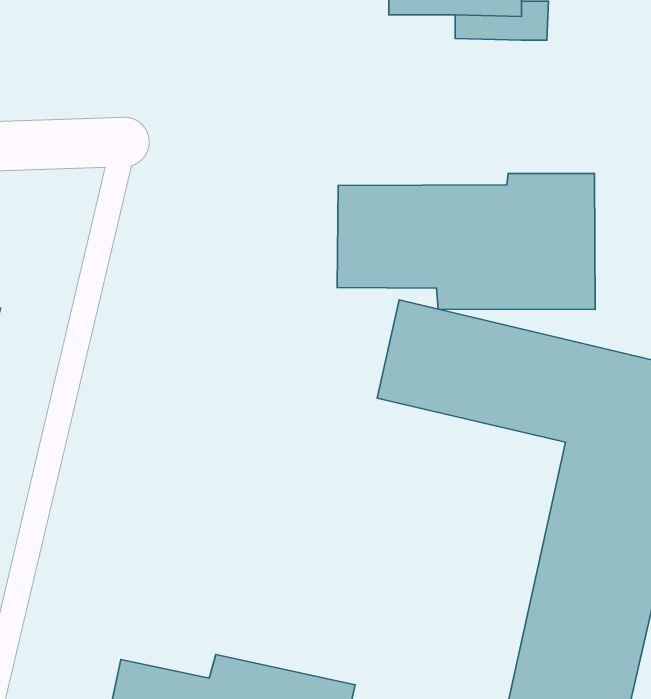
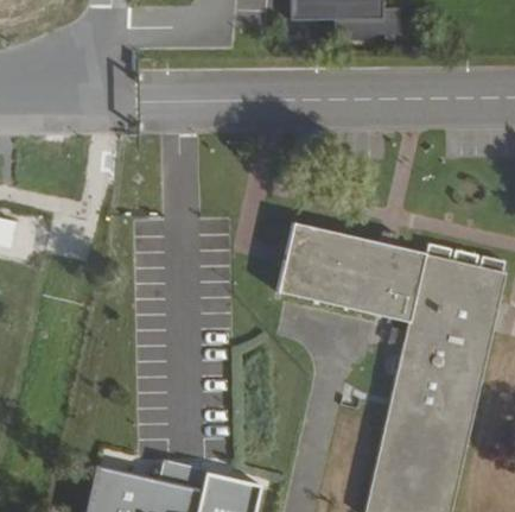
building: [337,174,595,309] -> none

